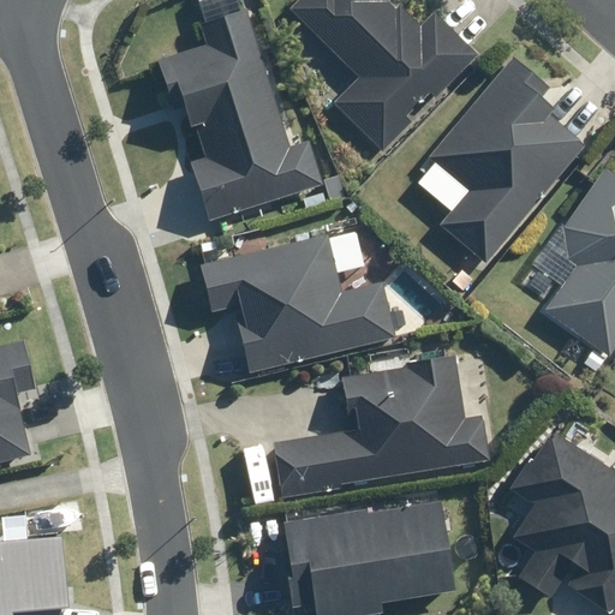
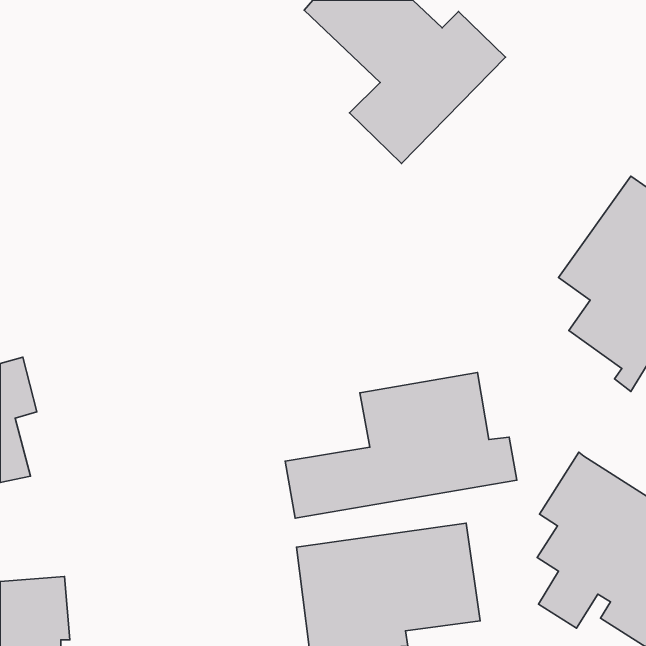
building: [157,11,323,220] -> none
building: [417,60,585,261] -> none
building: [199,234,395,371] -> none

